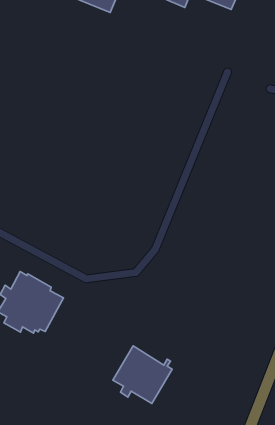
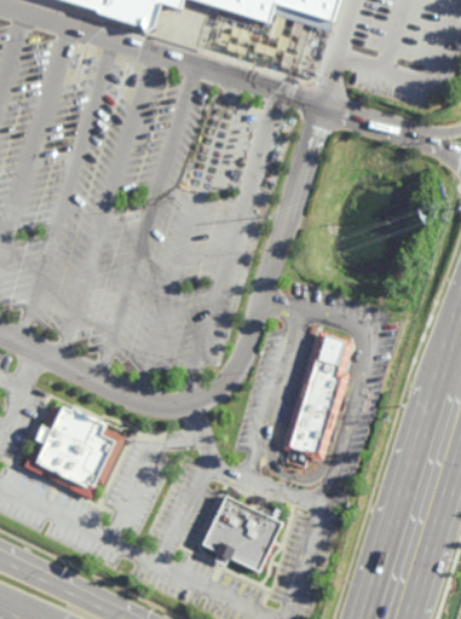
building: none -> [282,326,355,467]

